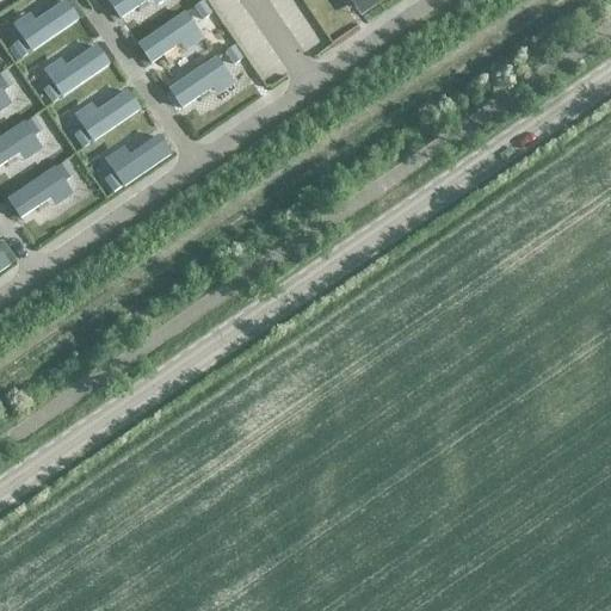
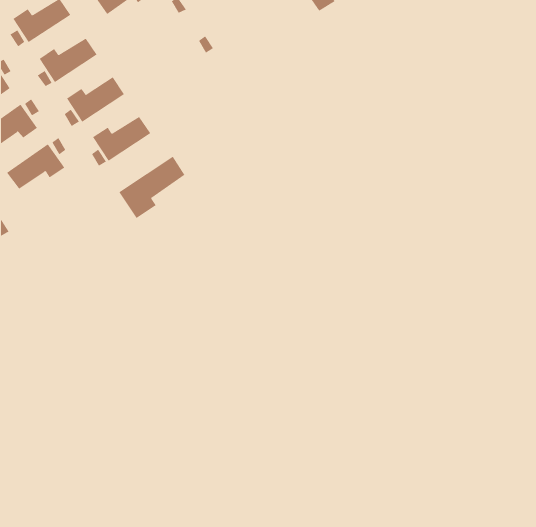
building: [138,8,205,61] -> none
building: [169,53,236,105] -> none
building: none -> [118,156,185,219]

